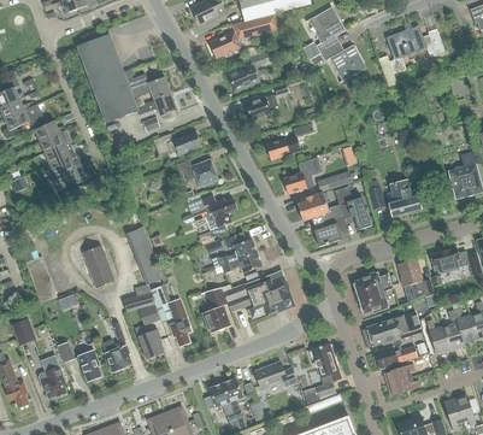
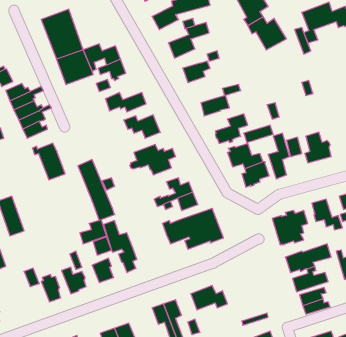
building: [76,245,114,288] -> [32,143,65,180]
building: [201,288,230,331] -> none
building: [305,343,340,402] -> none
building: [39,354,66,398] -> none

